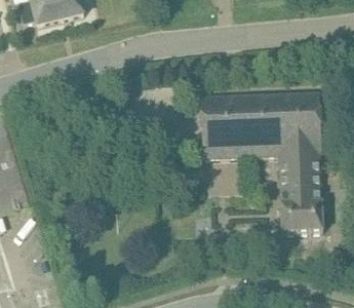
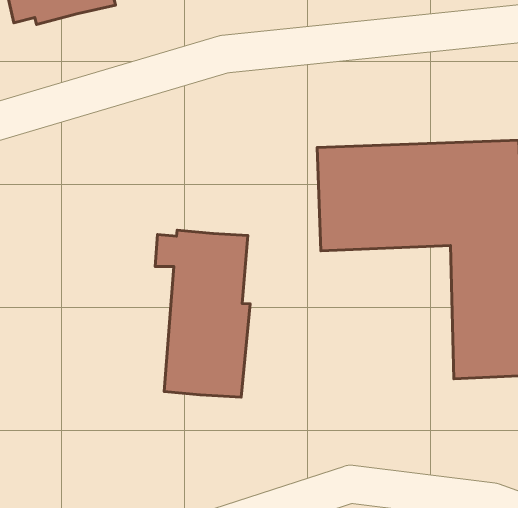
building: none -> [155,230,250,397]

